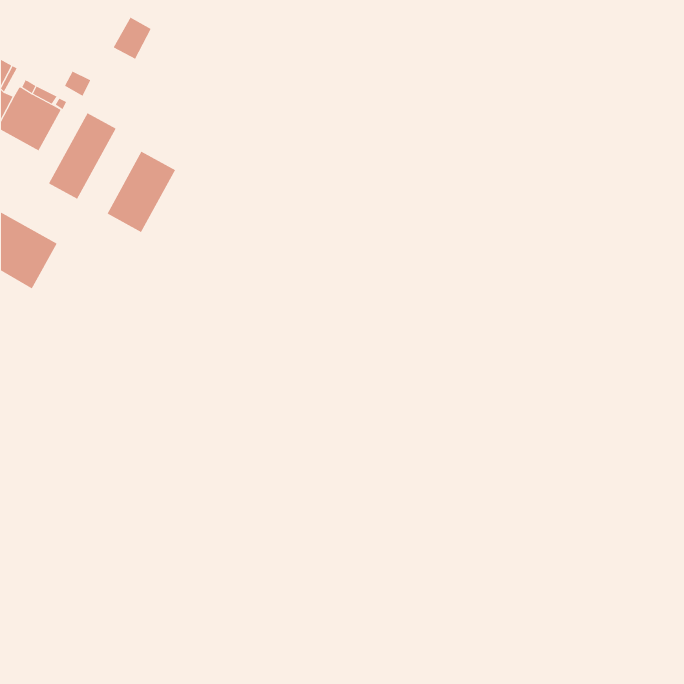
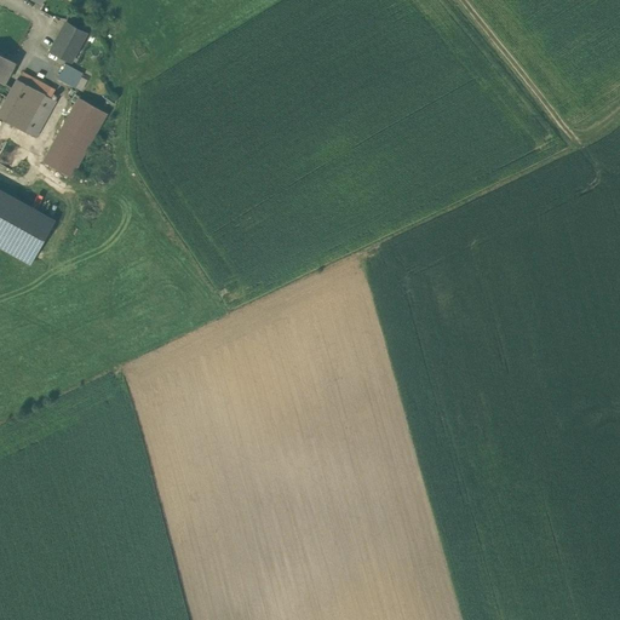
building: [113,17,152,60] -> [51,22,86,61]
building: [107,151,176,233] -> none

